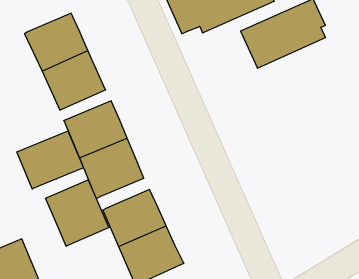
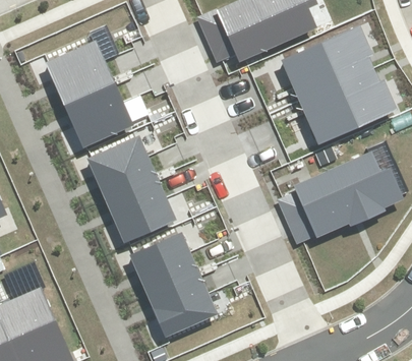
building: none -> [299,67,398,144]
building: none -> [278,153,405,245]
building: [17,131,83,189] -> none
building: [45,180,109,246] -> none

